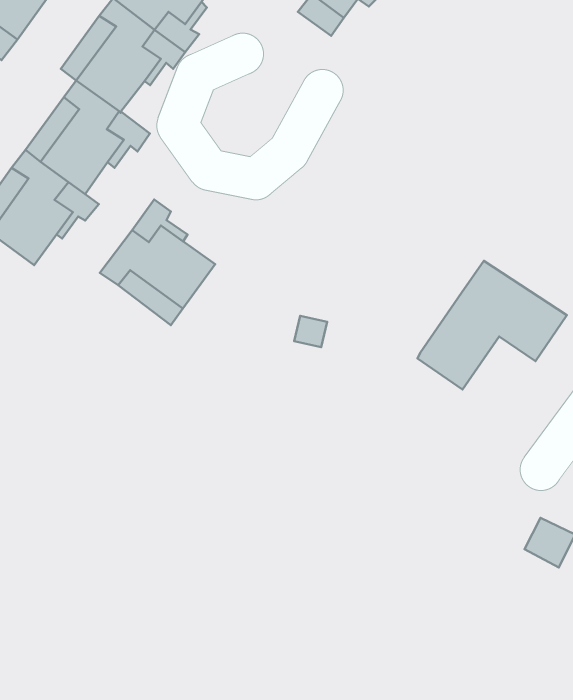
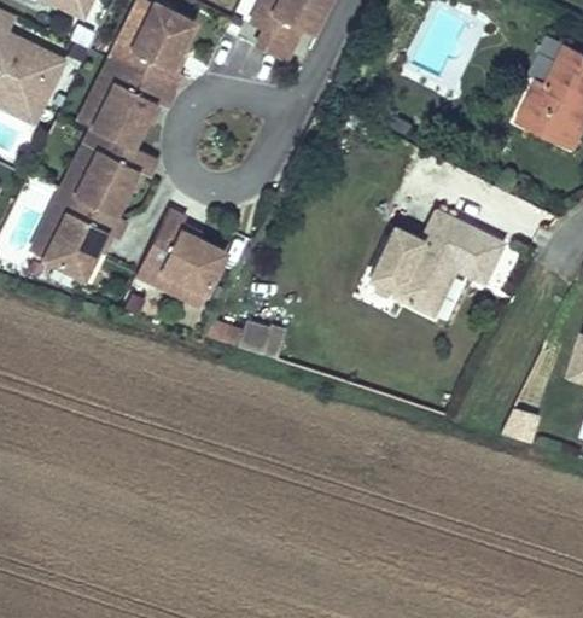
building: none -> [368,229,419,293]
building: none -> [237,319,284,357]

